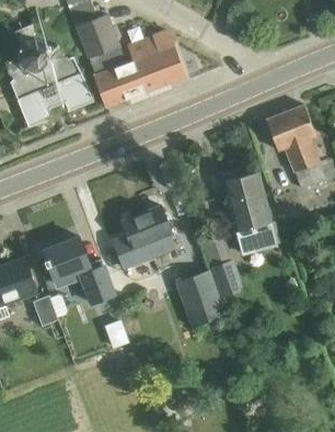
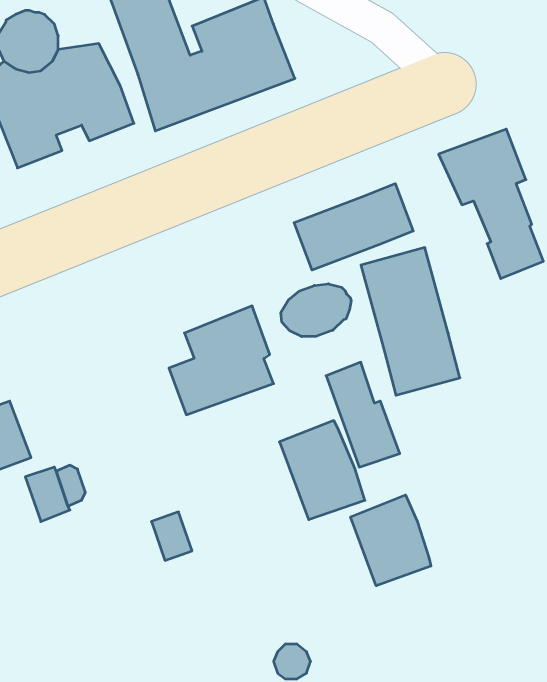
building: none -> [294,184,413,270]
building: none -> [281,284,351,337]
building: [44,238,113,305] -> none
building: none -> [351,495,431,586]

